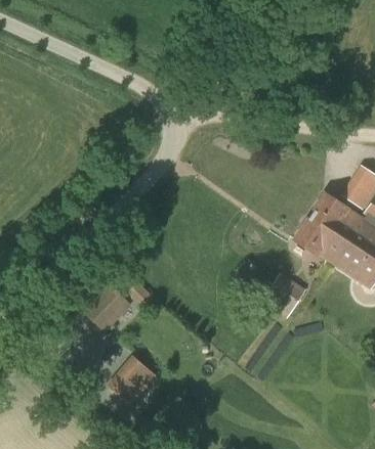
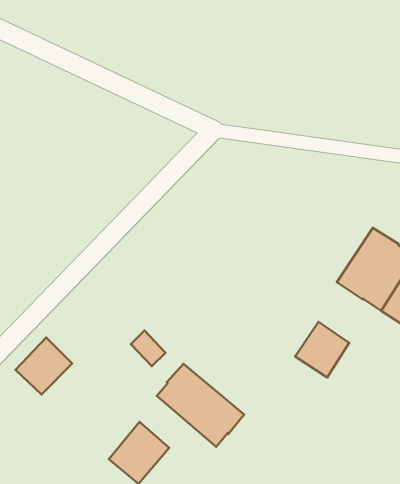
building: [82,282,129,329] -> [15,338,72,394]
building: none -> [157,364,244,447]

